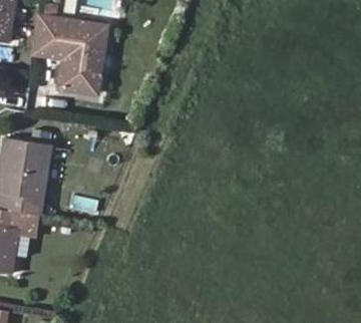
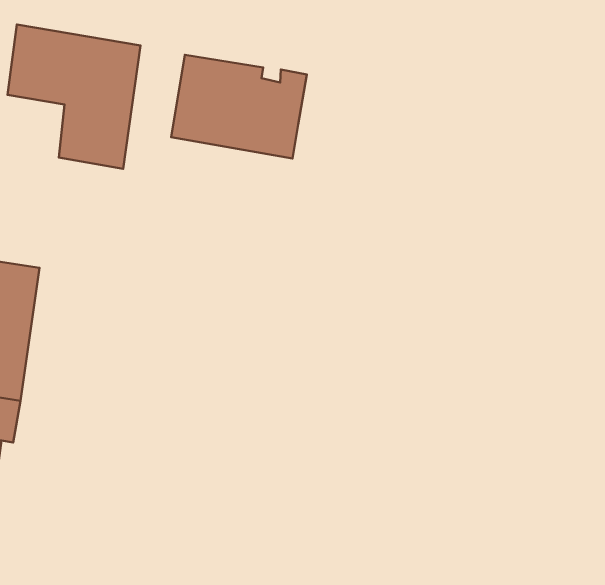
building: none -> [171,55,307,158]

